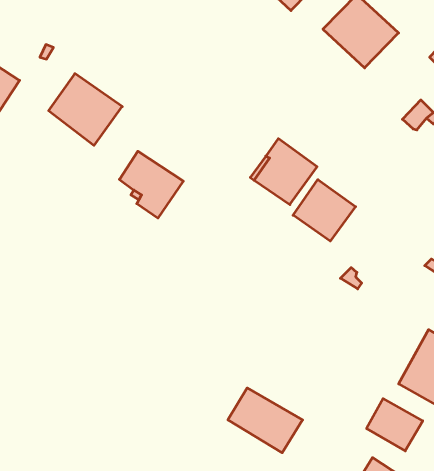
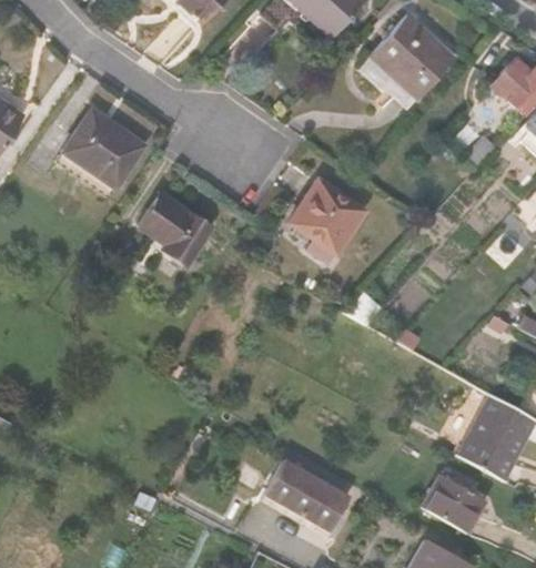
building: [293,180,356,241] -> none

